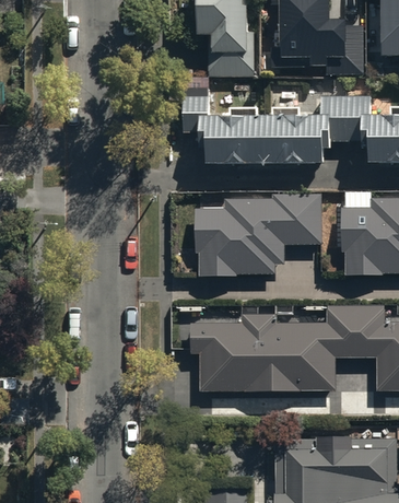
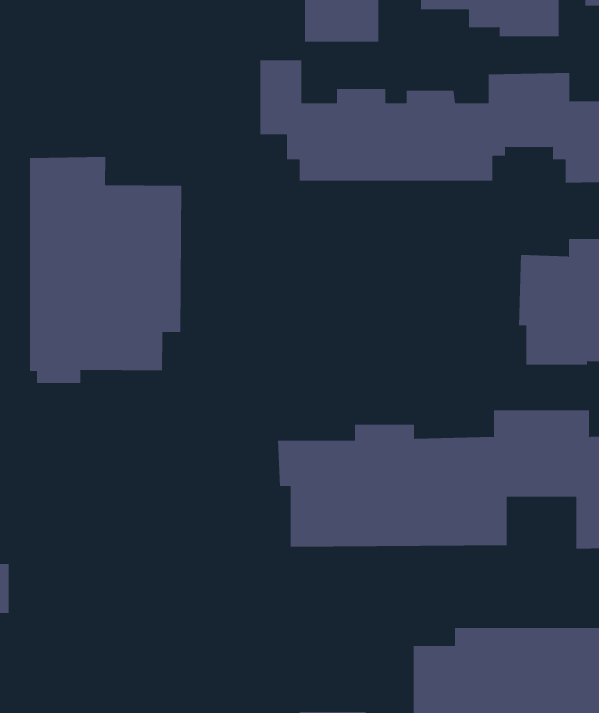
building: none -> [29,156,182,384]
building: [195,194,321,274] -> none

